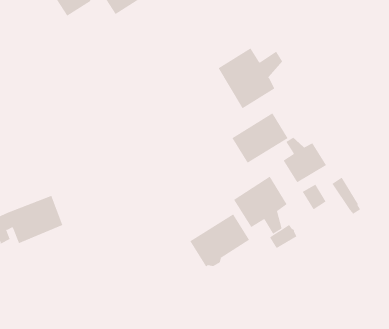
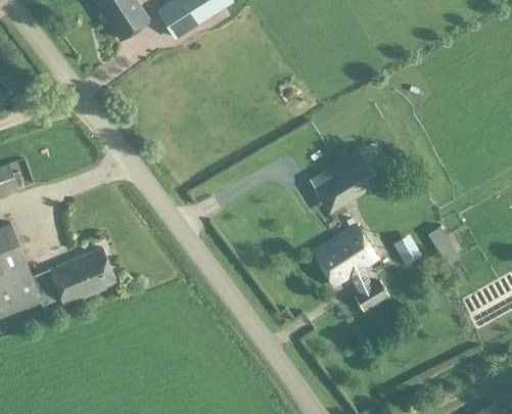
building: [218,48,283,109] -> none
building: [283,137,327,183] -> none
building: [190,213,250,267] -> none

